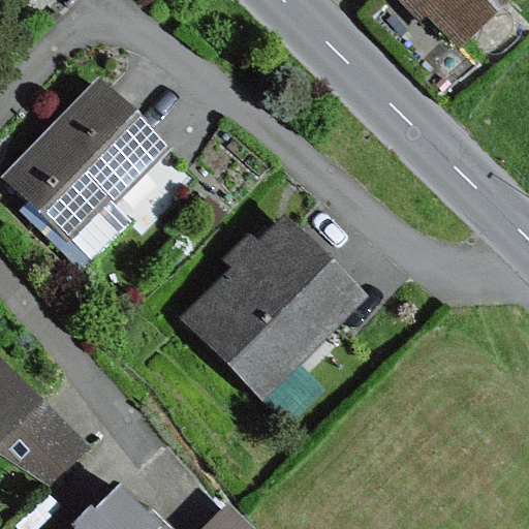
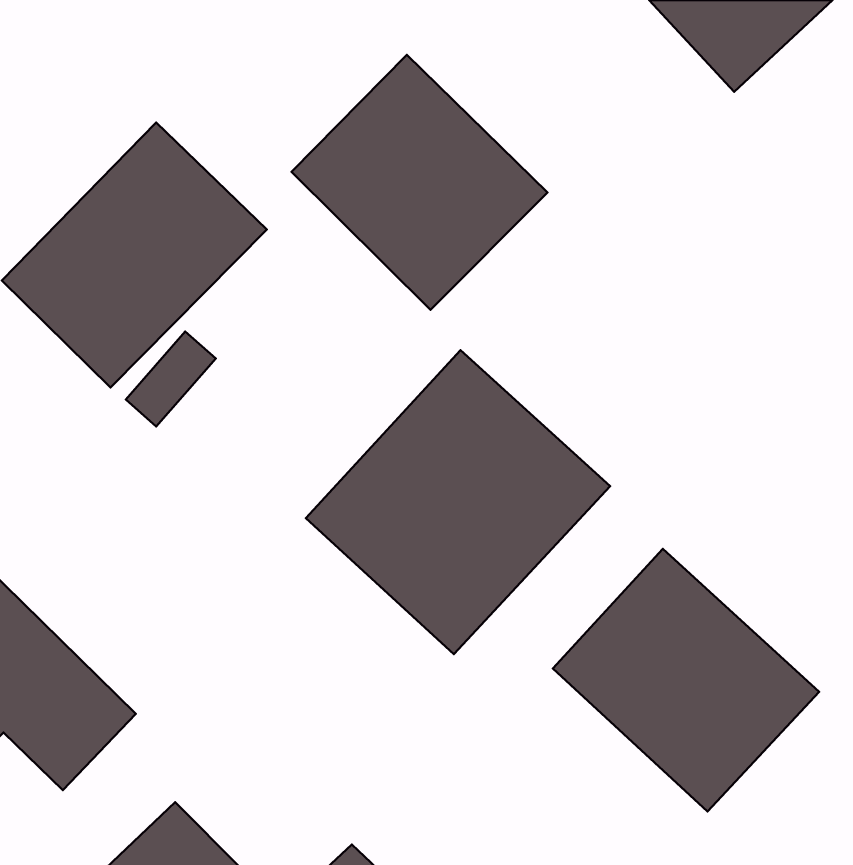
building: none -> [292,55,547,310]
building: none -> [553,549,819,812]

